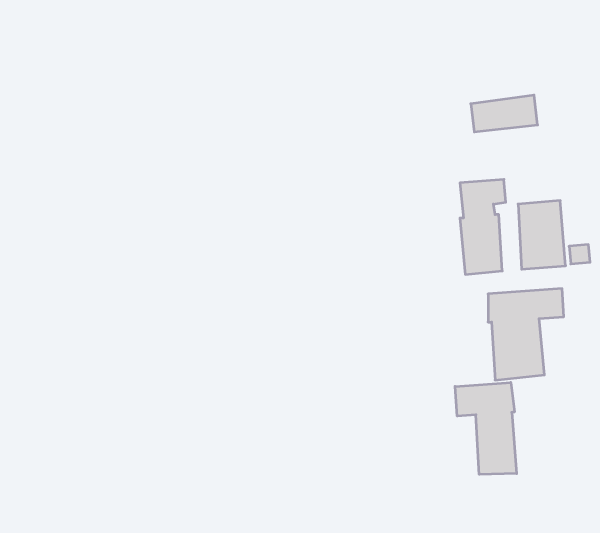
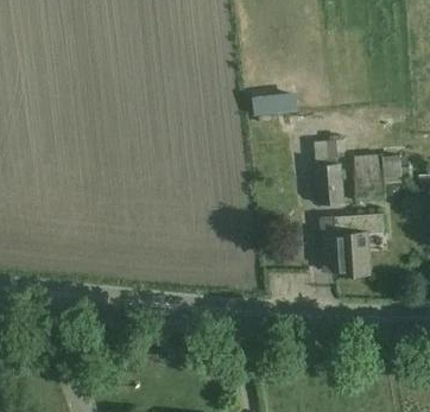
building: [471,95,538,132] -> [251,90,296,115]
building: [455,382,517,474] -> none

